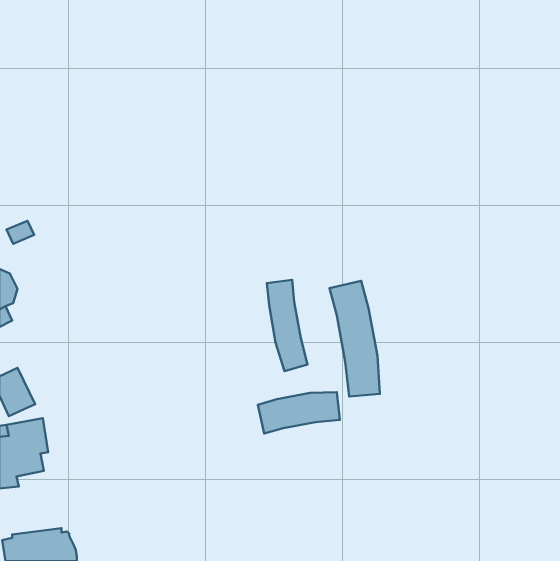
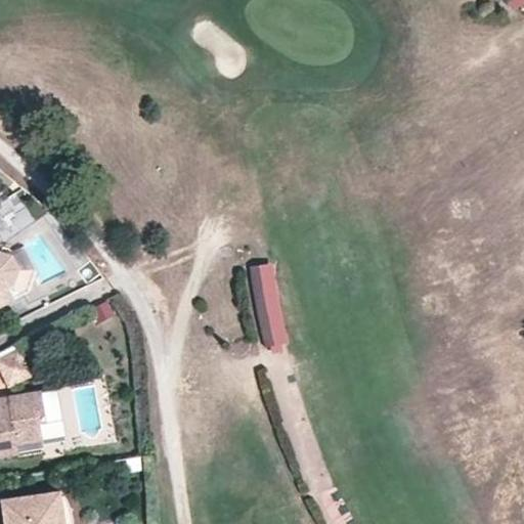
building: [330,281,380,396] -> none
building: [258,392,340,434] -> none

